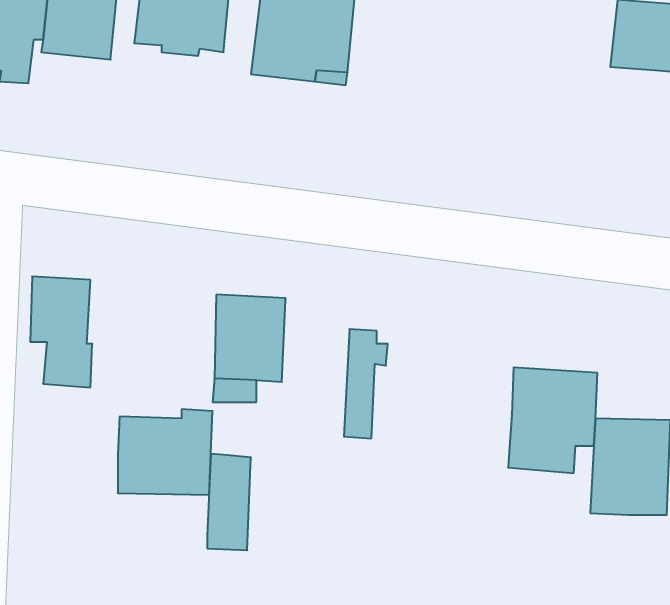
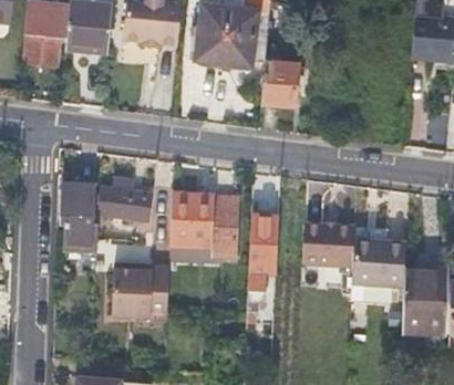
building: none -> [260,60,301,106]
building: none -> [97,186,152,218]
building: none -> [301,222,353,267]
building: [207,454,251,550] -> [211,197,238,256]

